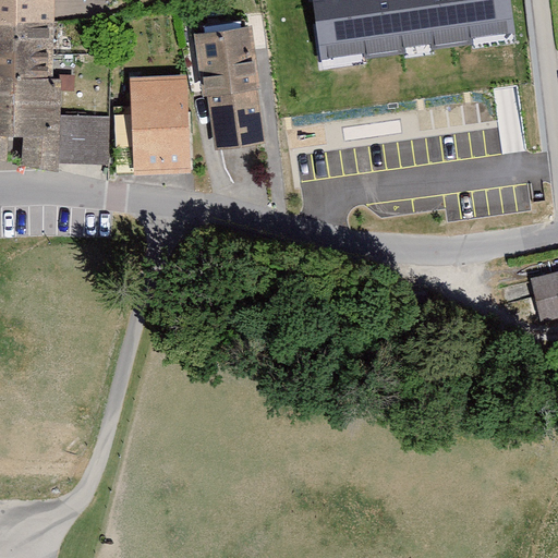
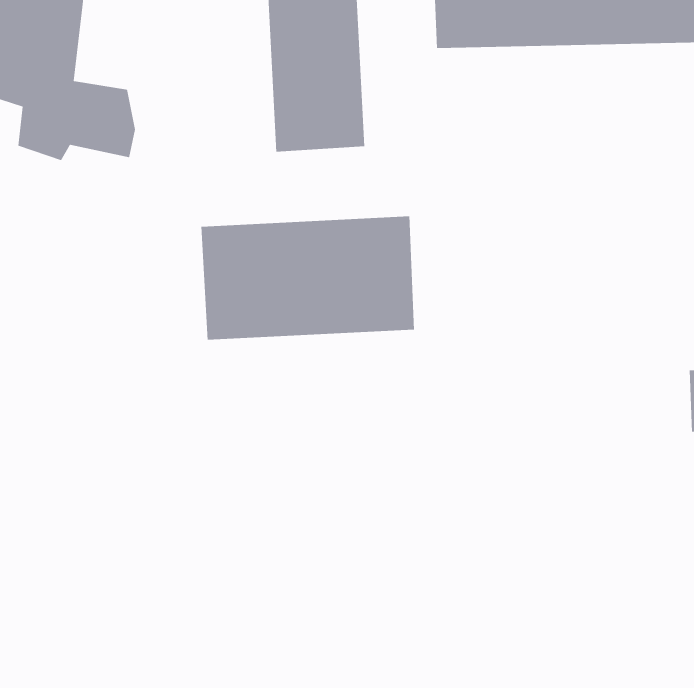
building: [128,71,193,171] -> none
building: none -> [201,215,415,340]

